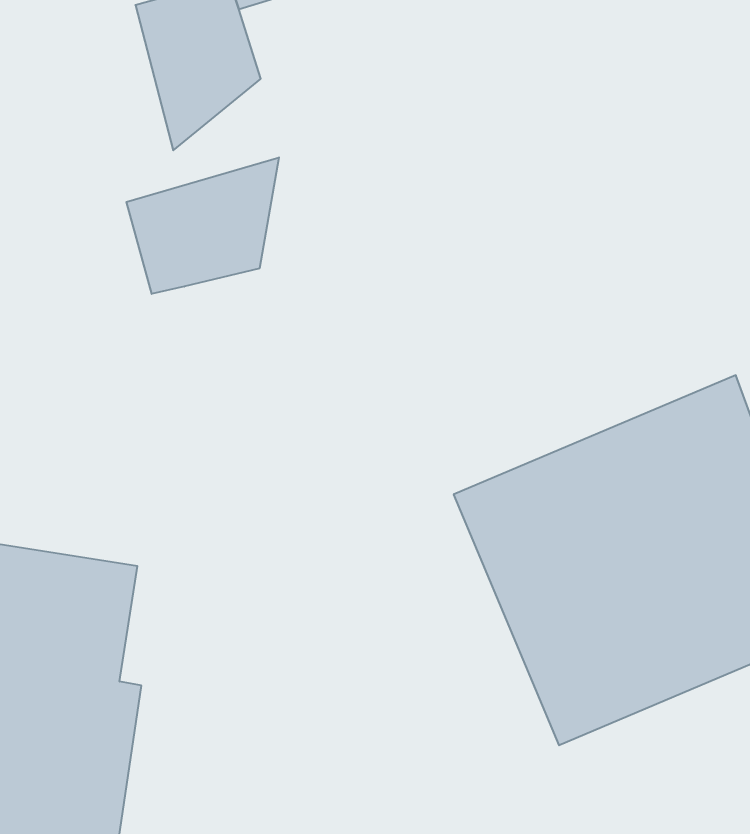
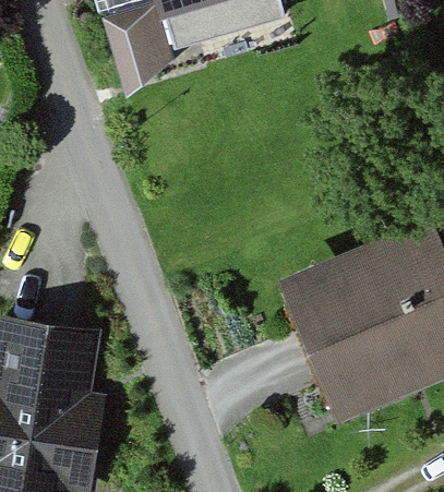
building: [126,157,279,294] -> none

